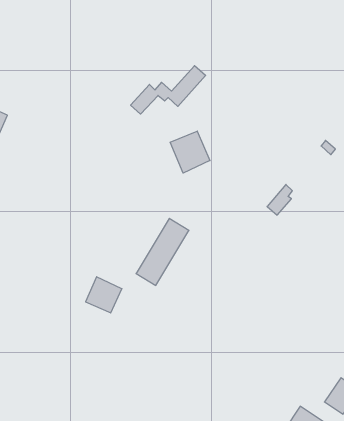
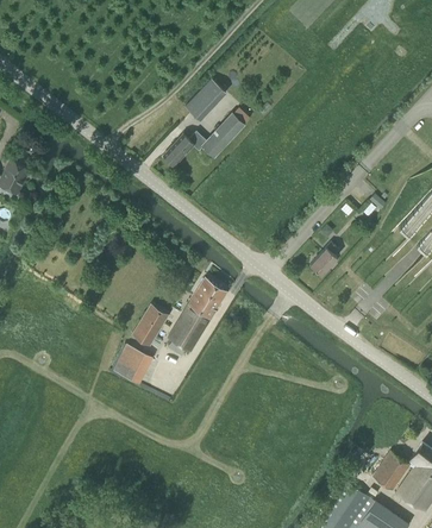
building: none -> [186,78,226,120]
building: [170,131,210,173] -> none
building: none -> [132,306,168,346]

